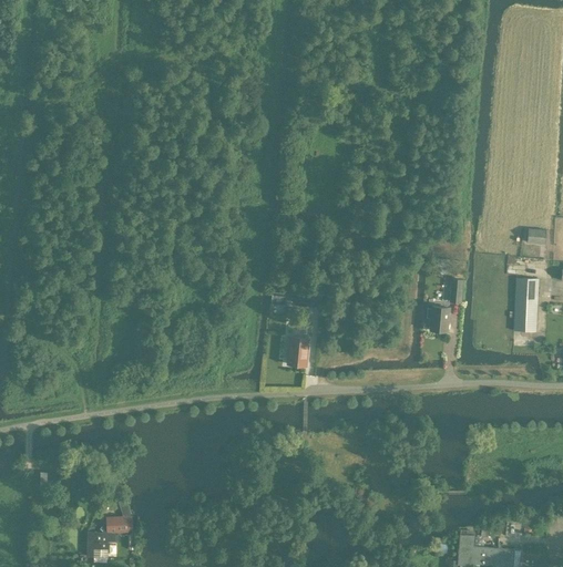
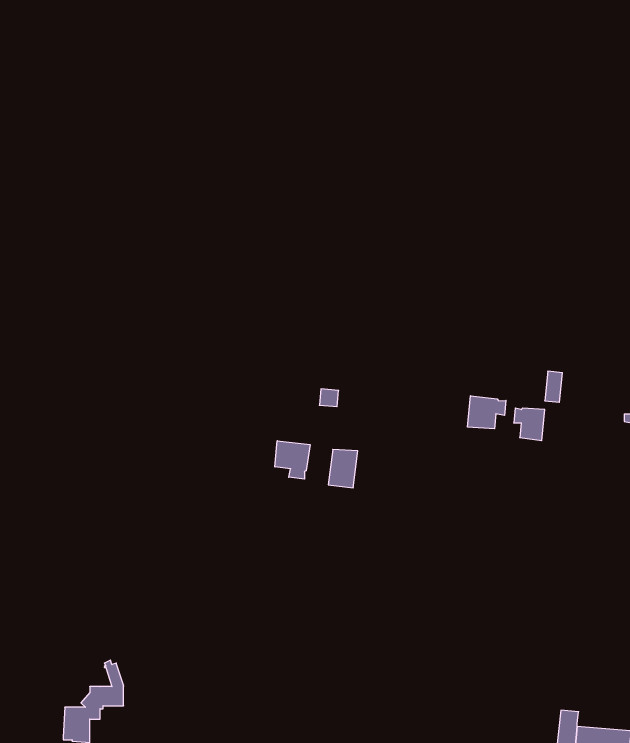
building: none -> [468,396,506,429]
building: none -> [275,441,310,479]

